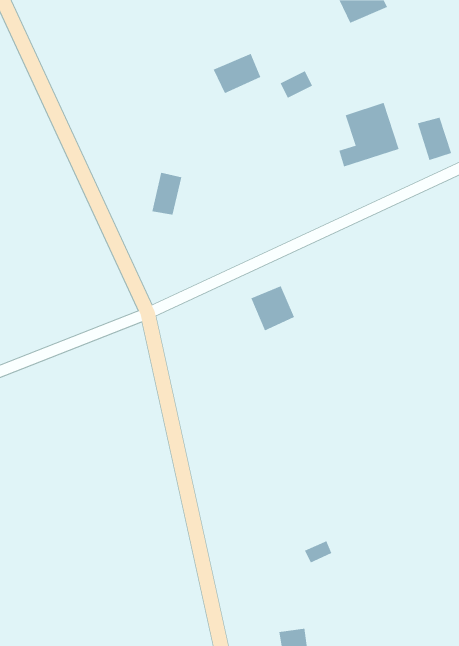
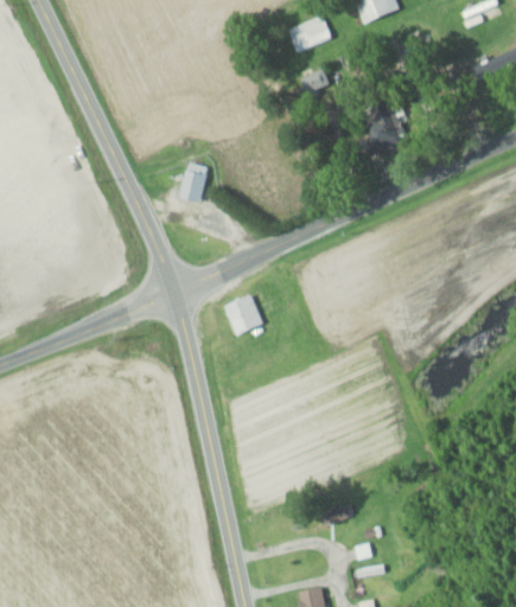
building: [213,53,261,94] -> [287,15,332,53]
building: [417,117,452,161] -> none
building: [251,285,295,331] -> [223,294,265,337]

